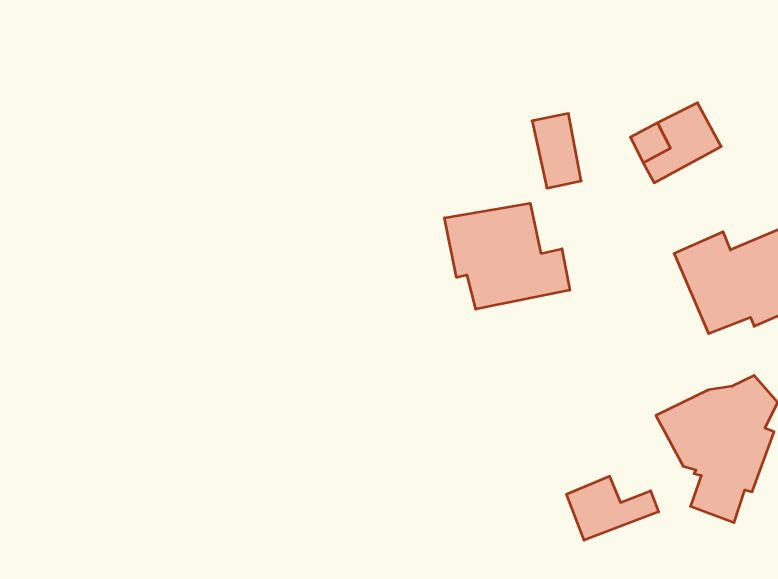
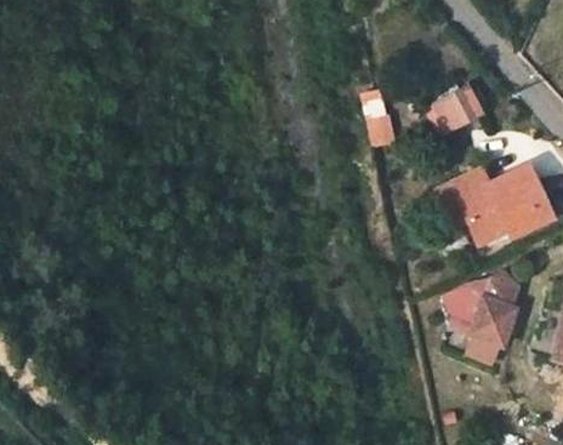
building: [445,203,570,309] -> none
building: [567,476,659,540] -> none

